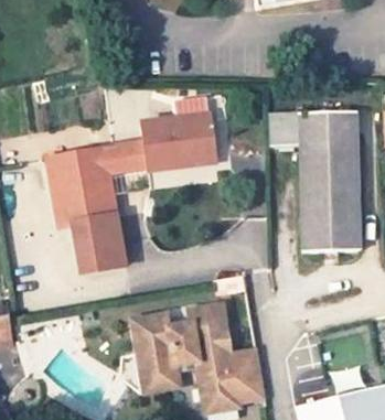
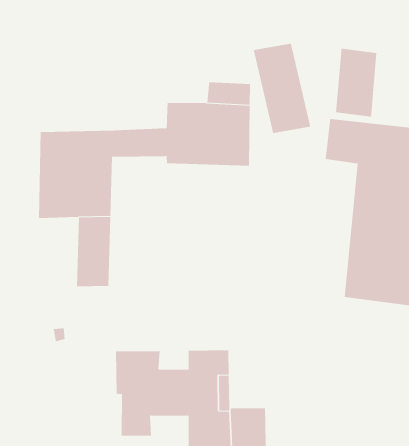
building: none -> [336,48,377,118]
building: none -> [253,43,311,134]

